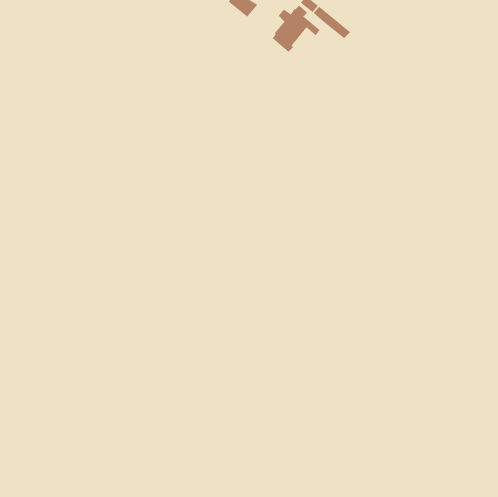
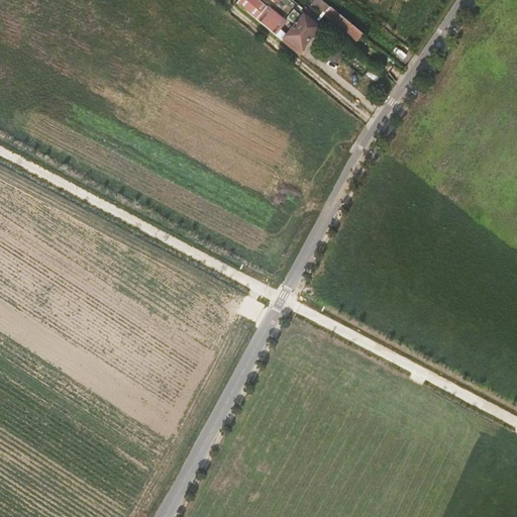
building: none -> [256,5,287,34]

